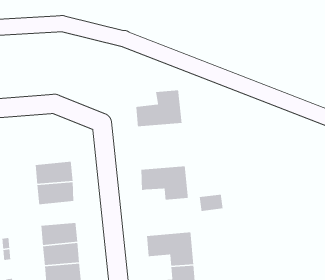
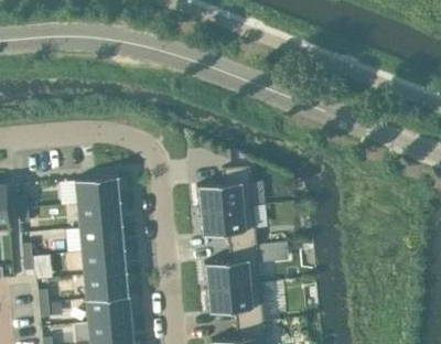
building: [134,89,183,127] -> [196,168,252,212]
building: none -> [73,178,119,206]
building: none -> [203,246,259,289]
building: none -> [80,249,125,277]

